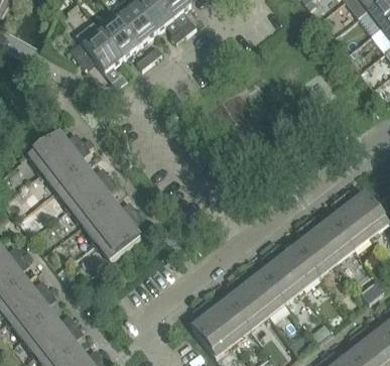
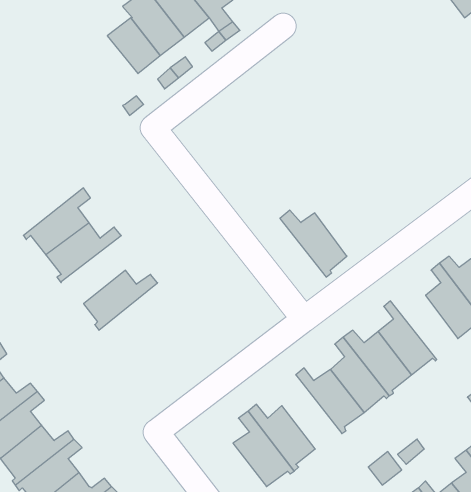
building: [70,20,122,73] -> none
building: [28,130,83,174] -> none
building: [67,174,115,224] -> none
building: [94,209,142,259] -> none
building: [304,216,353,264] -> [280,210,347,277]
building: [226,275,269,329] -> none

